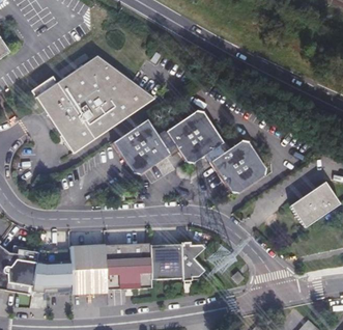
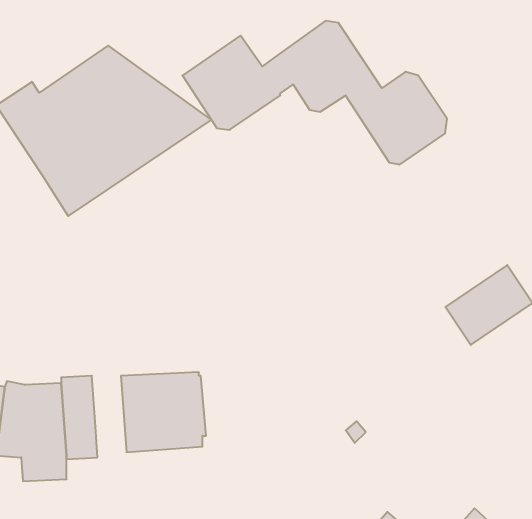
building: [113,109,264,191] -> [182,21,447,164]
building: [149,240,203,278] -> none
building: [87,243,107,290] -> none

